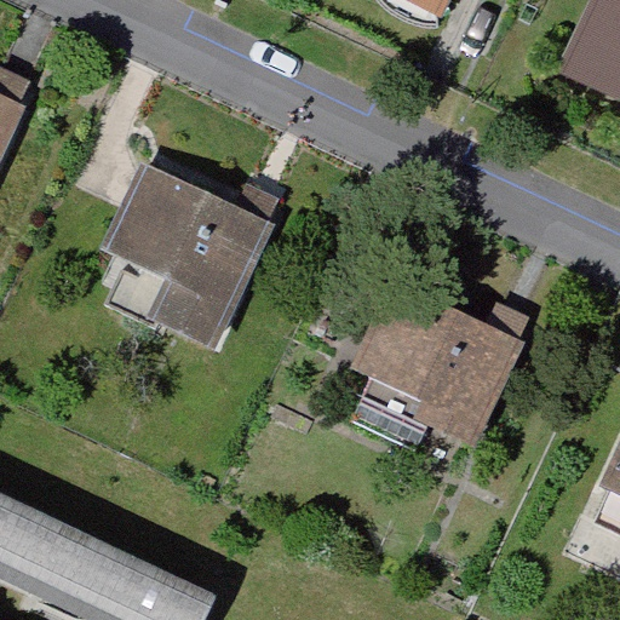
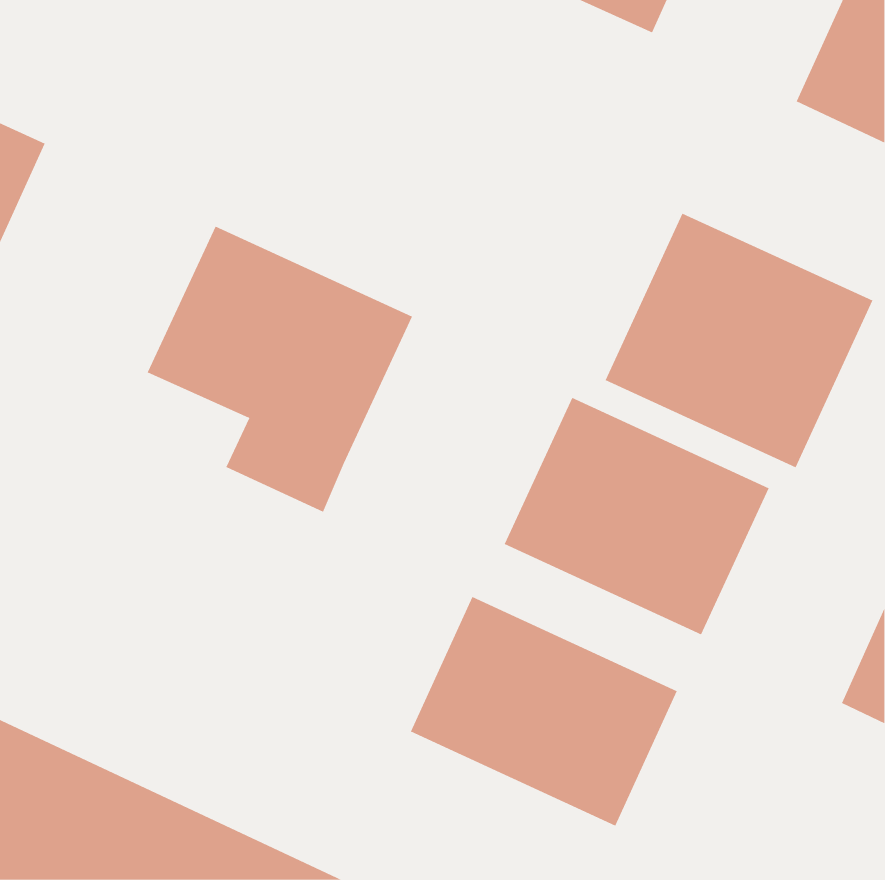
building: none -> [605,213,873,468]
building: none -> [410,596,677,826]

